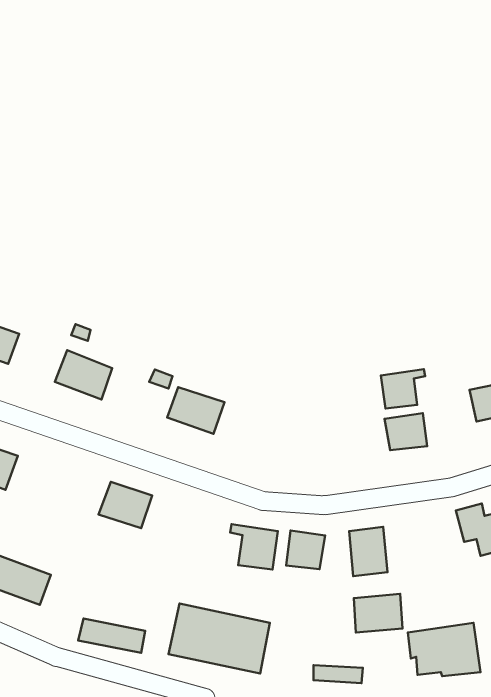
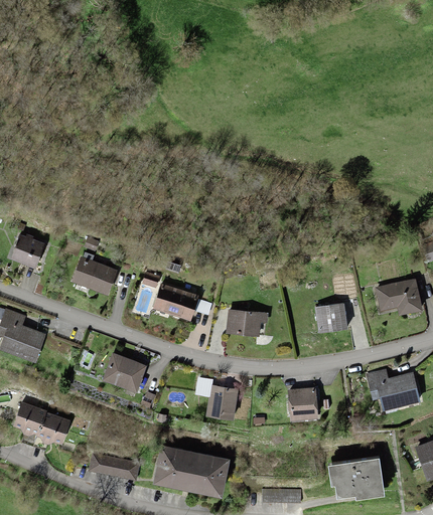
building: [381,369,425,409] -> none
building: none -> [227,310,265,335]
building: [286,530,325,569] -> none
building: [354,594,402,633] -> none

